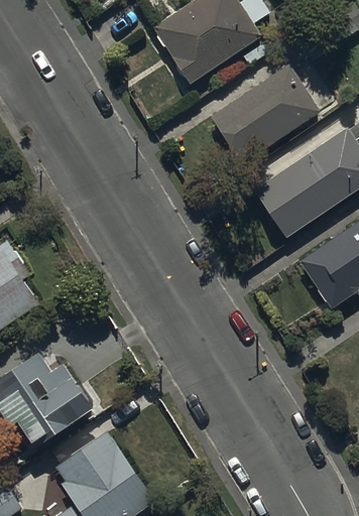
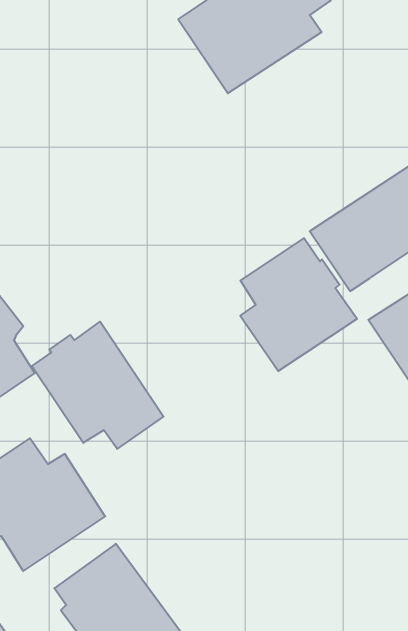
building: [212,63,322,163] -> none
building: none -> [240,238,357,371]
building: none -> [32,322,164,449]

